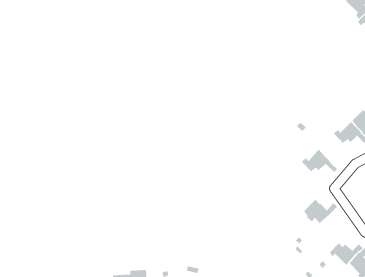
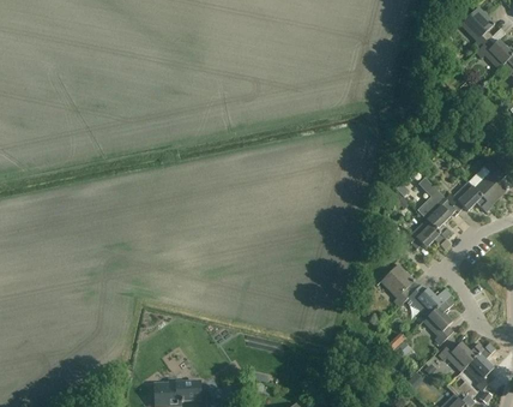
building: none -> [417,179,455,239]
building: none -> [380,264,415,306]
building: none -> [423,297,454,343]

